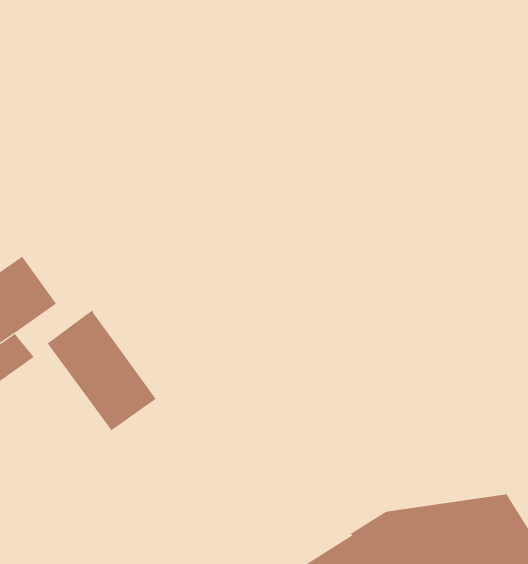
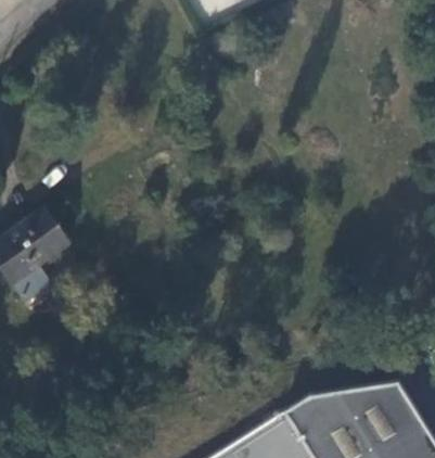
building: [47,310,156,431] -> none

